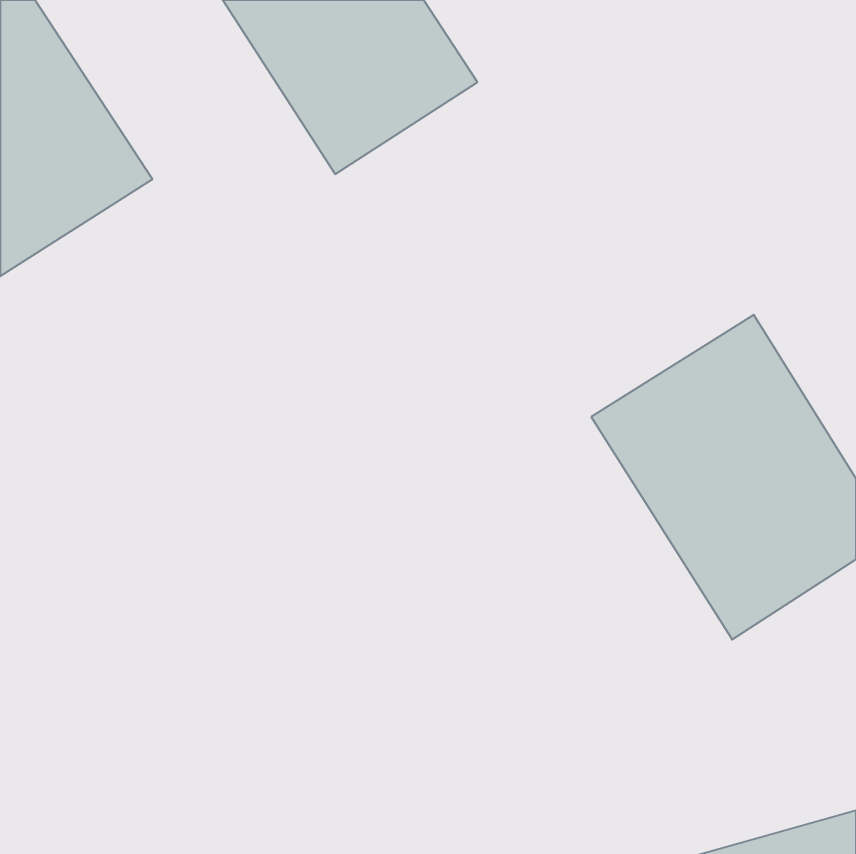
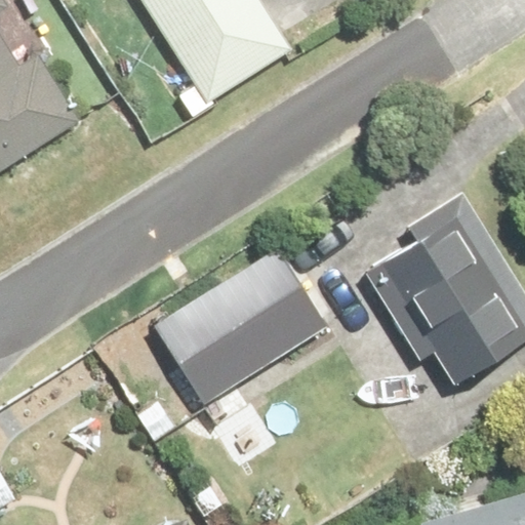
building: none -> [148,250,320,406]

